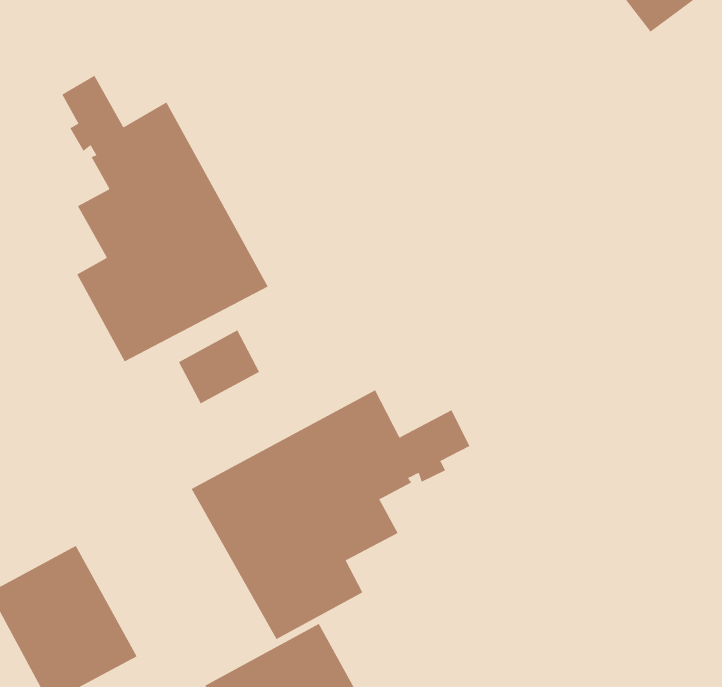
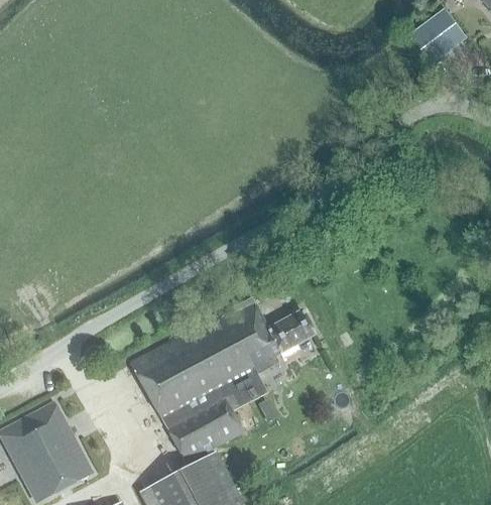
building: [61,75,269,362] -> none
building: [178,330,260,404] -> none

